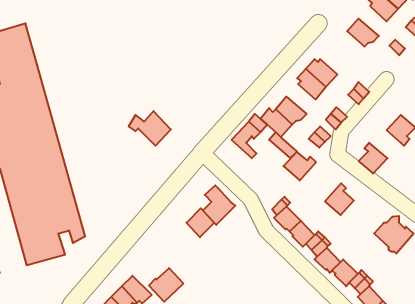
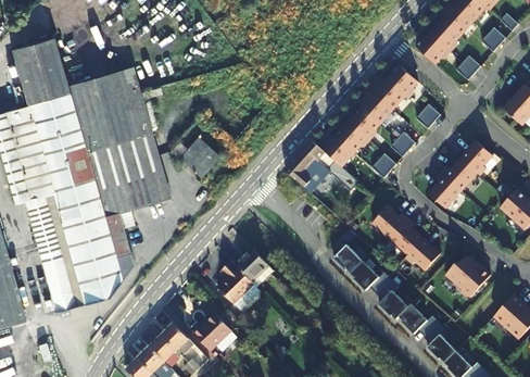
building: none -> [429,18,460,52]
building: none -> [386,64,418,99]
building: none -> [66,68,169,278]
building: none -> [348,106,380,140]
building: none -> [441,159,477,190]
building: [283,152,316,181] -> [373,206,409,239]
building: [203,185,235,225] -> [217,260,254,304]
building: none -> [406,238,441,269]

